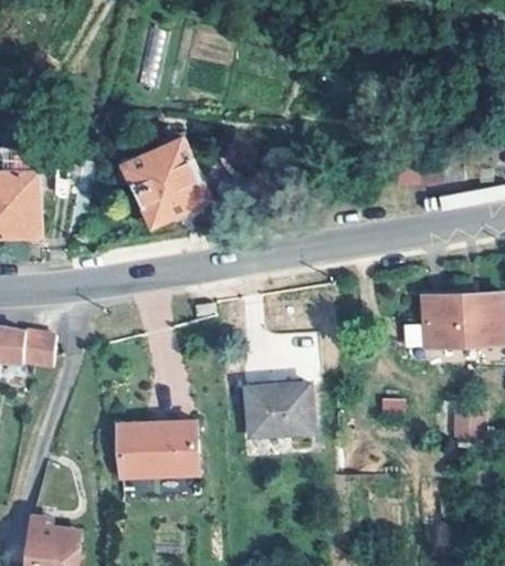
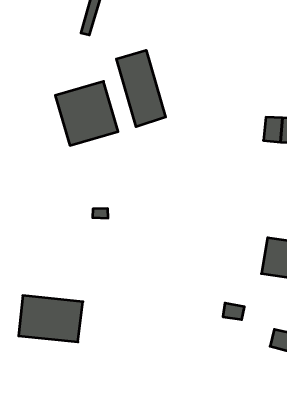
building: none -> [116,50,166,127]
building: [248,382,311,432] -> none

